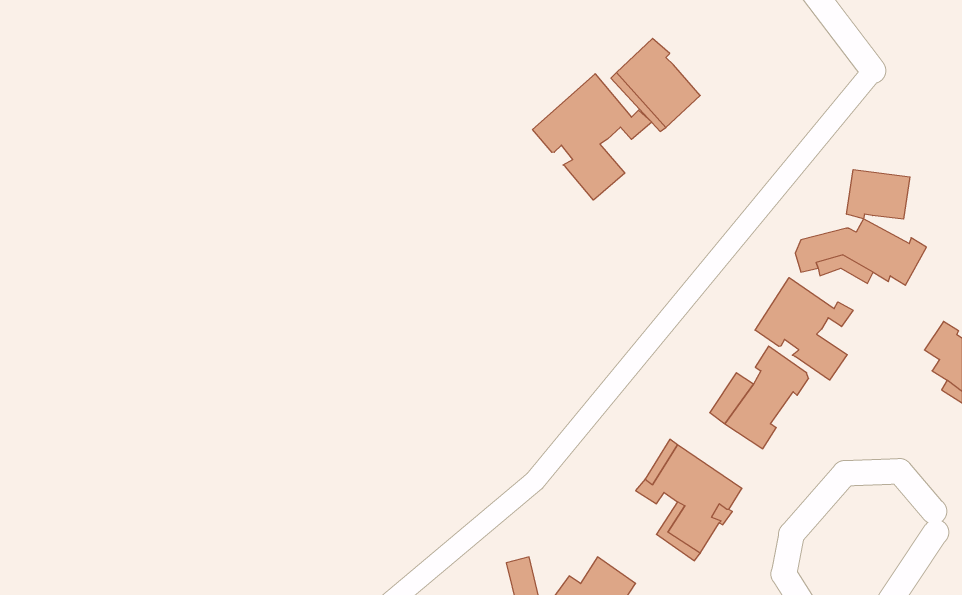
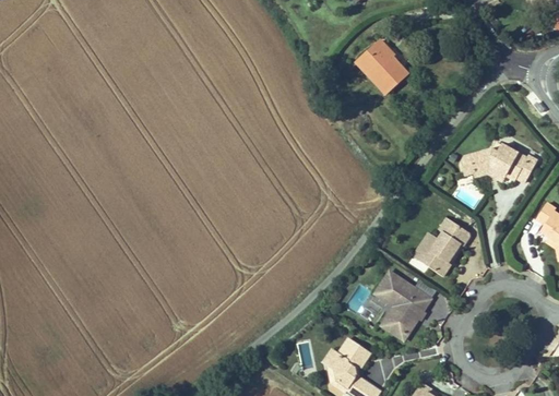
building: [533,74,652,200] -> none
building: [847,170,910,219] -> none
building: [755,278,853,380] -> none

